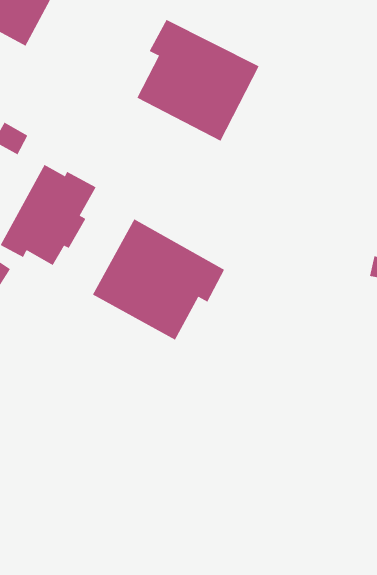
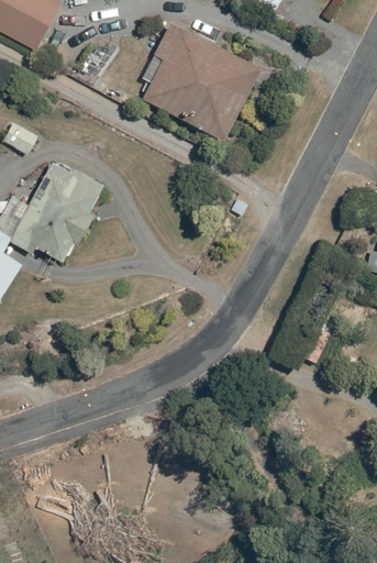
building: [92,218,225,340] -> none

